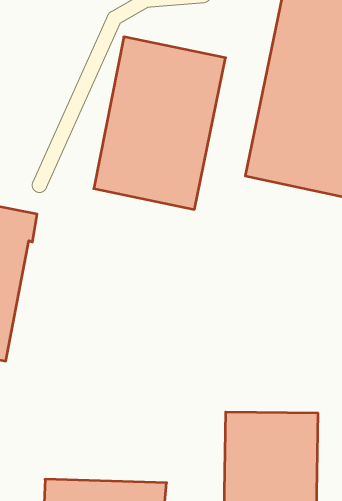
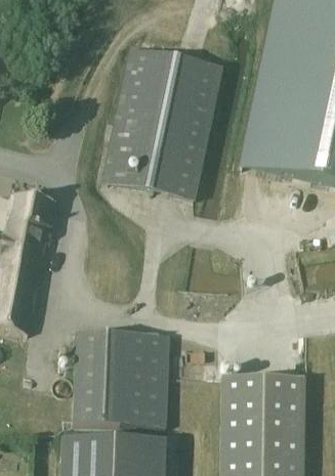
building: none -> [75,331,168,424]

